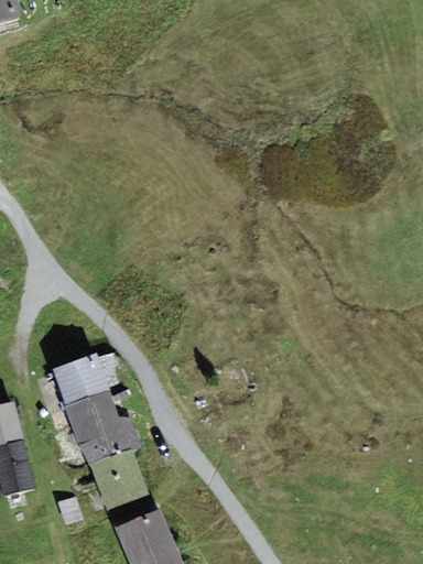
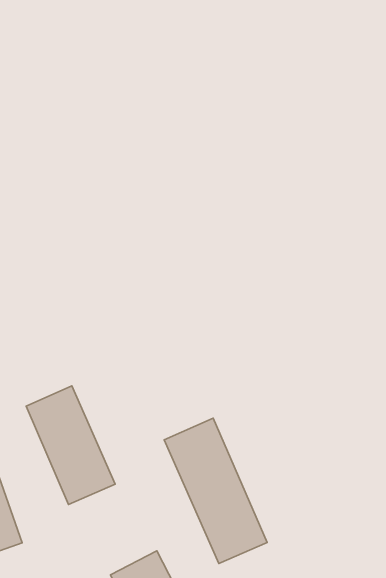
building: none -> [164,418,267,563]
building: [85,447,144,509] -> none

